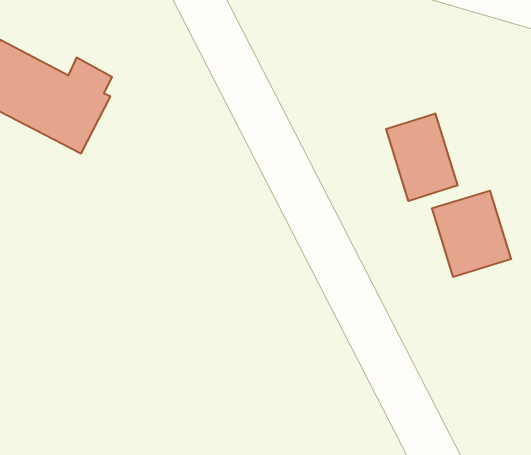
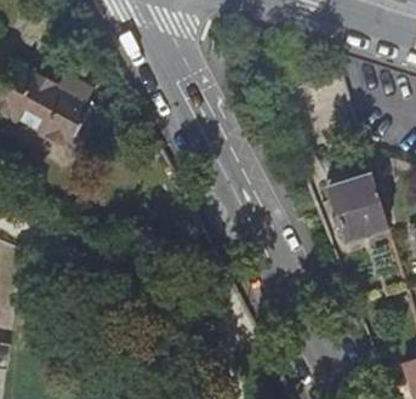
building: [386,113,458,201] -> none

